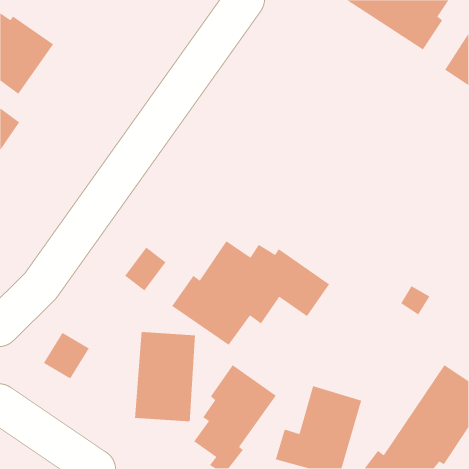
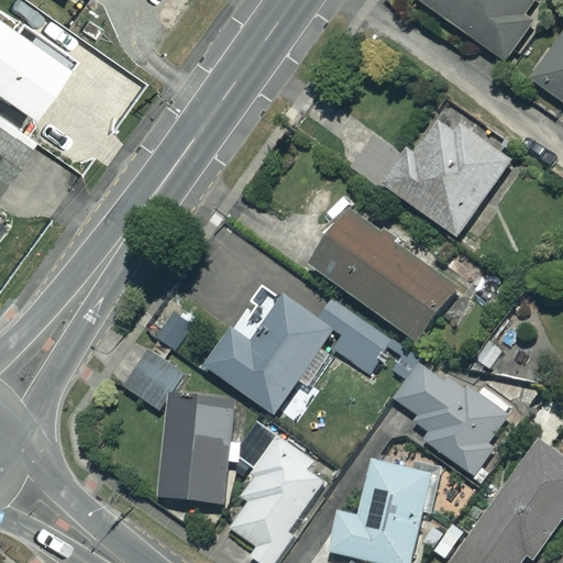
building: none -> [356,102,510,236]
building: none -> [311,211,455,342]
building: none -> [393,350,515,487]
building: [43,332,90,380] -> [125,351,181,408]

